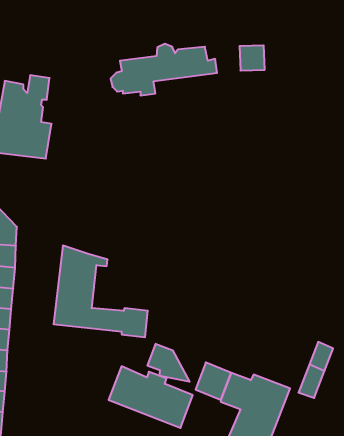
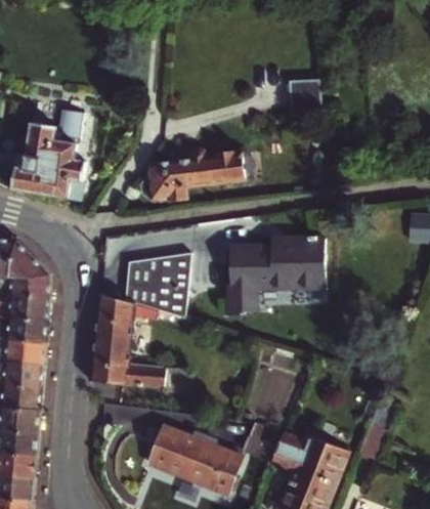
building: [111,44,217,95] -> [138,146,255,203]
building: none -> [227,236,324,311]
building: none -> [127,255,188,322]
building: [147,344,190,382] -> none

